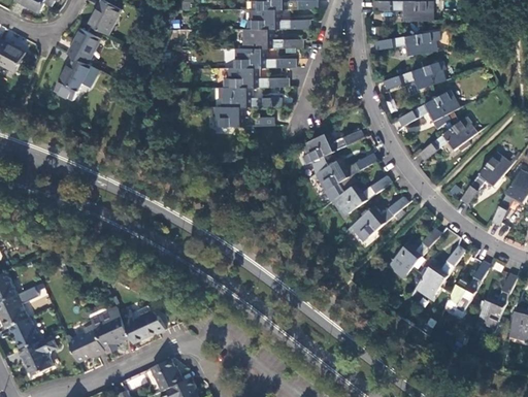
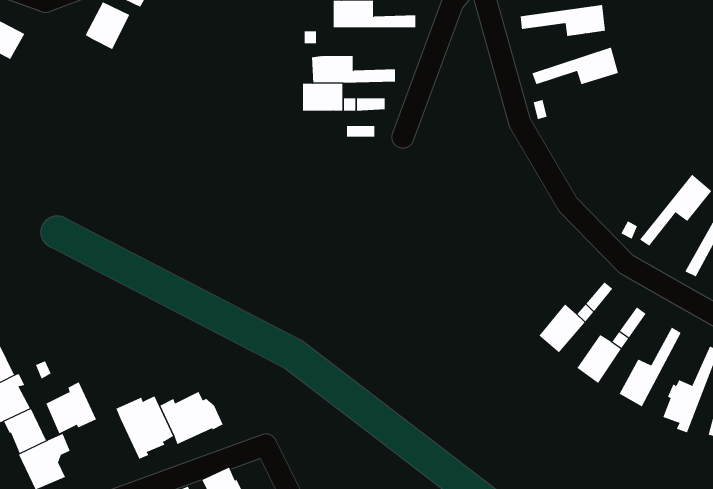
building: [235,48,294,68] -> none
building: [54,57,98,100] -> none
building: [397,91,459,126] -> none
building: [213,107,242,127] -> none
building: [418,117,476,159] -> none
building: [291,130,364,165] -> none
building: [315,154,376,191] -> none
building: [332,174,392,217] -> none
building: [351,196,407,241] -> none
building: [68,325,104,362] -> [46,382,97,434]

